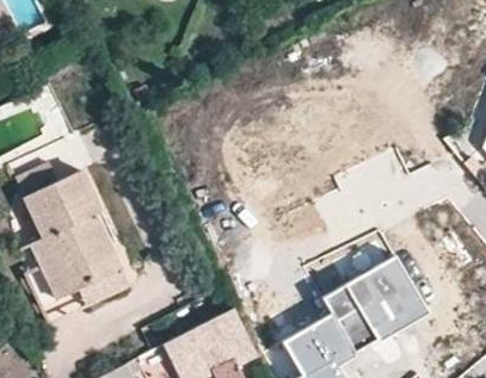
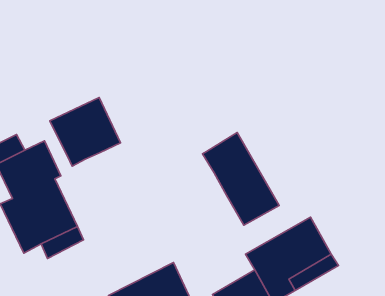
building: none -> [50,97,121,166]
building: none -> [203,132,279,225]

